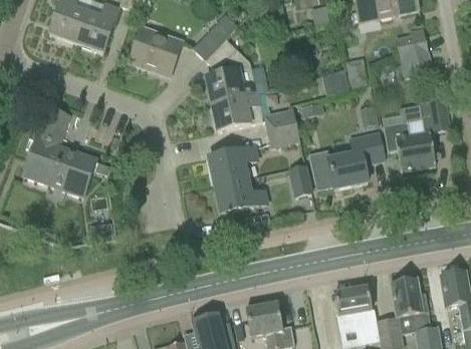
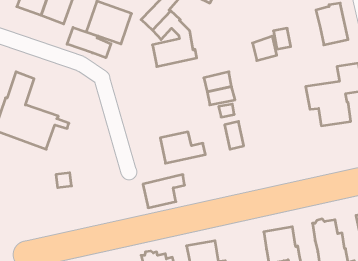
building: none -> [67,27,111,58]
building: [211,91,262,130] -> none
building: [308,130,384,189] -> none
building: [209,145,257,184] -> [143,175,185,208]

